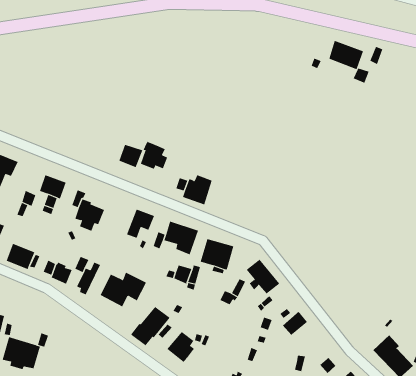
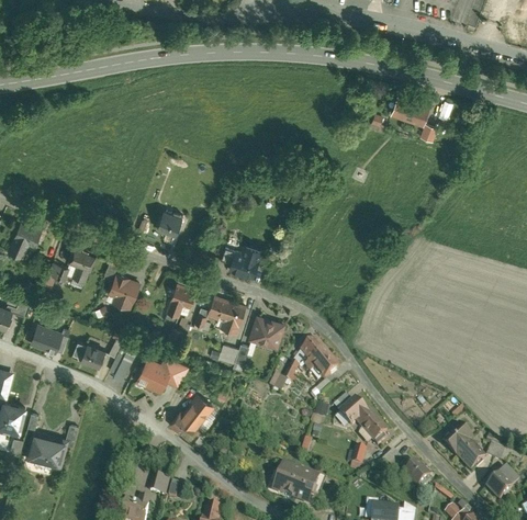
building: [140,141,168,169] -> none
building: none -> [355,408,386,444]
building: [166,331,195,363] -> none

